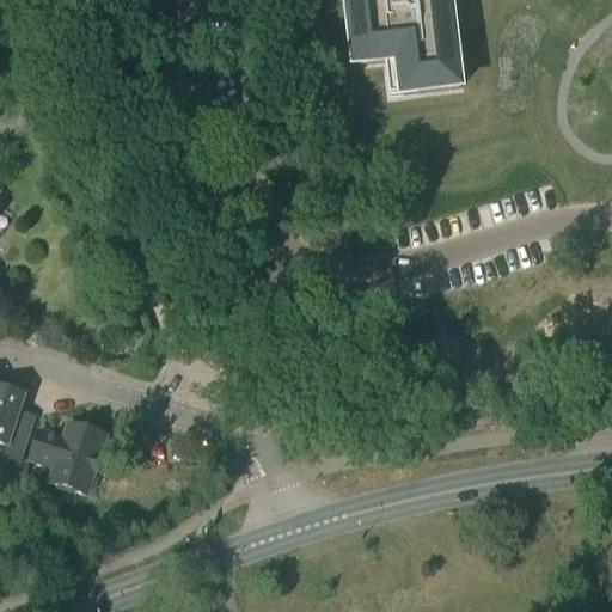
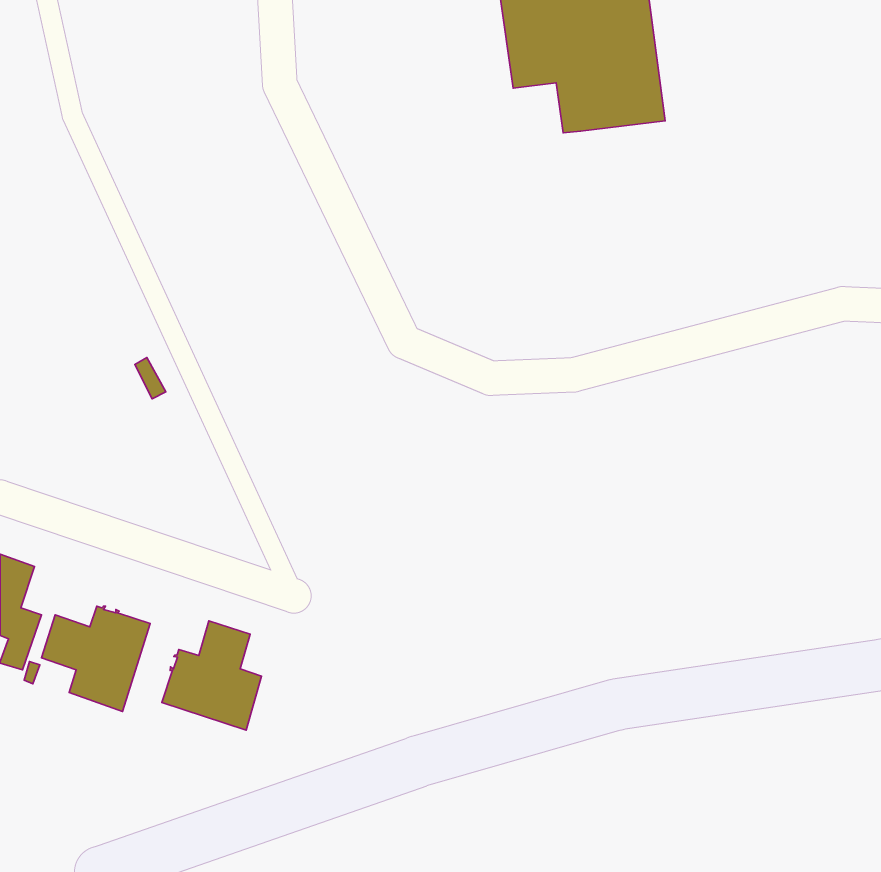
building: none -> [162,621,262,730]

